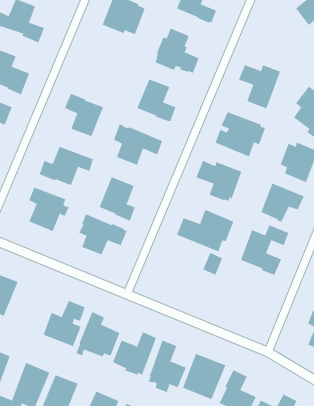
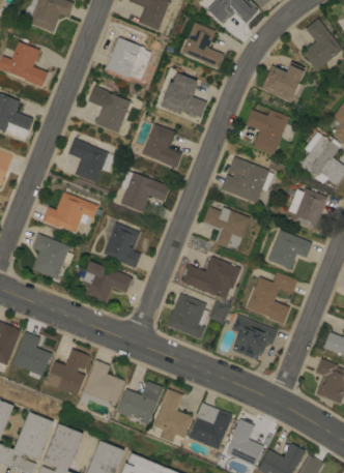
building: none -> [261,61,306,101]
building: none -> [87,86,132,131]
building: none -> [167,292,207,338]
building: none -> [232,315,278,359]
building: none -> [12,331,53,379]

